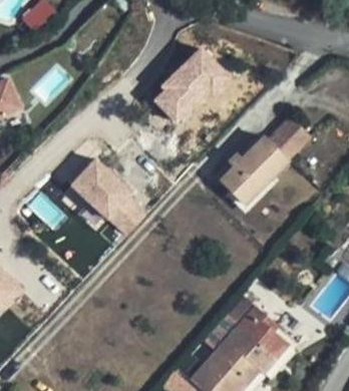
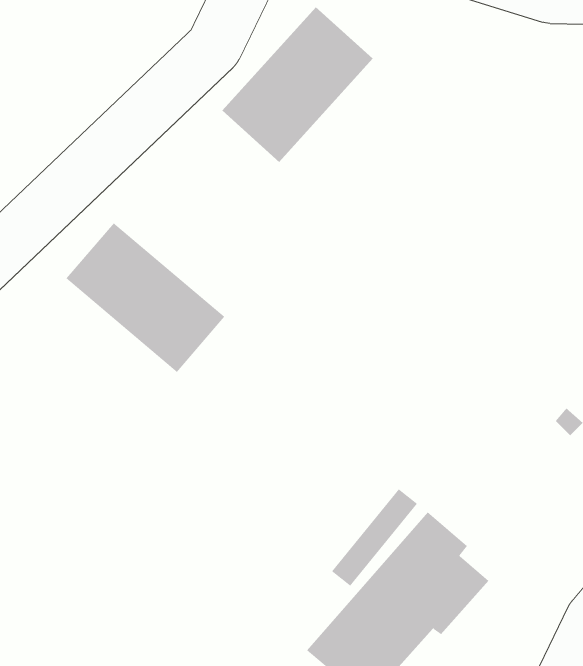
building: [220,117,311,205] -> none

